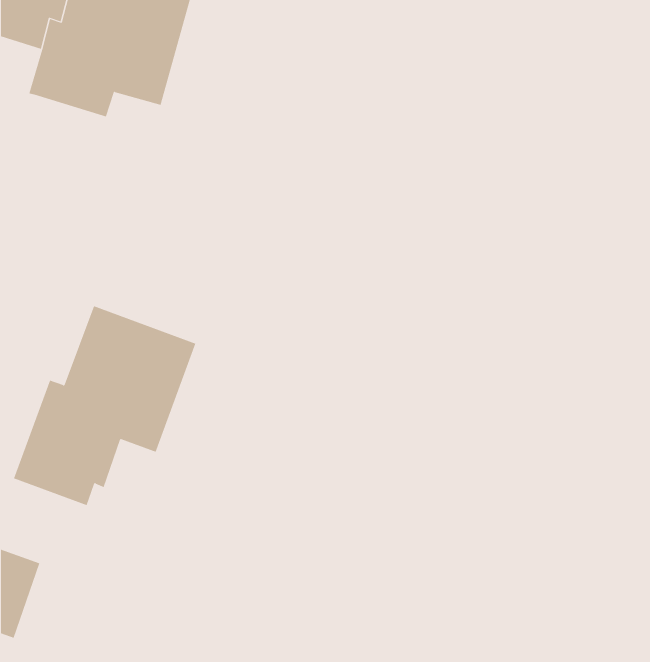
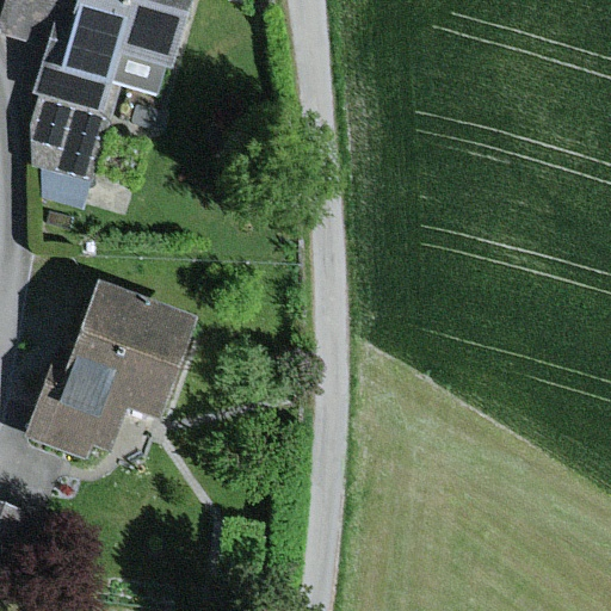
building: none -> [35,87,111,175]

